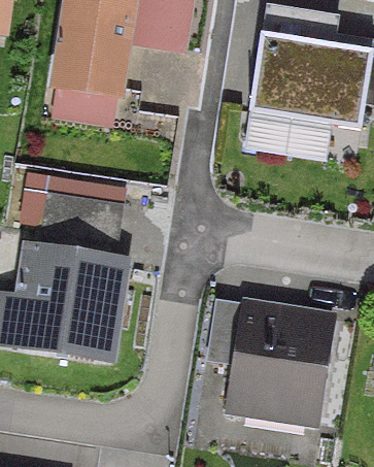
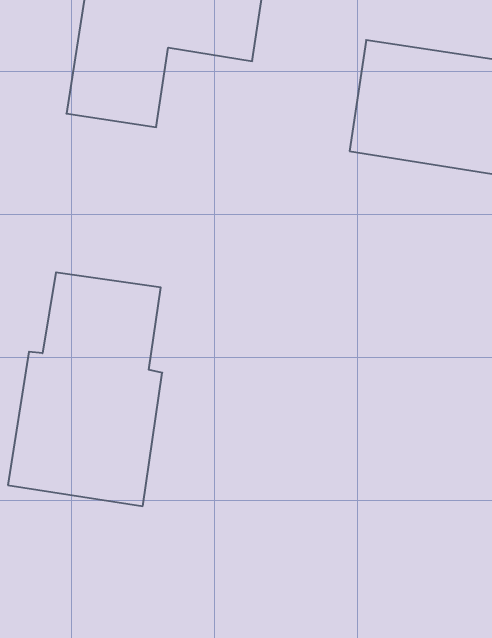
building: [228,307,331,427] -> none

